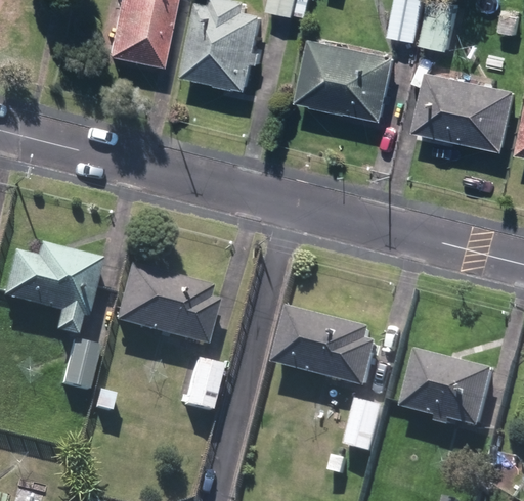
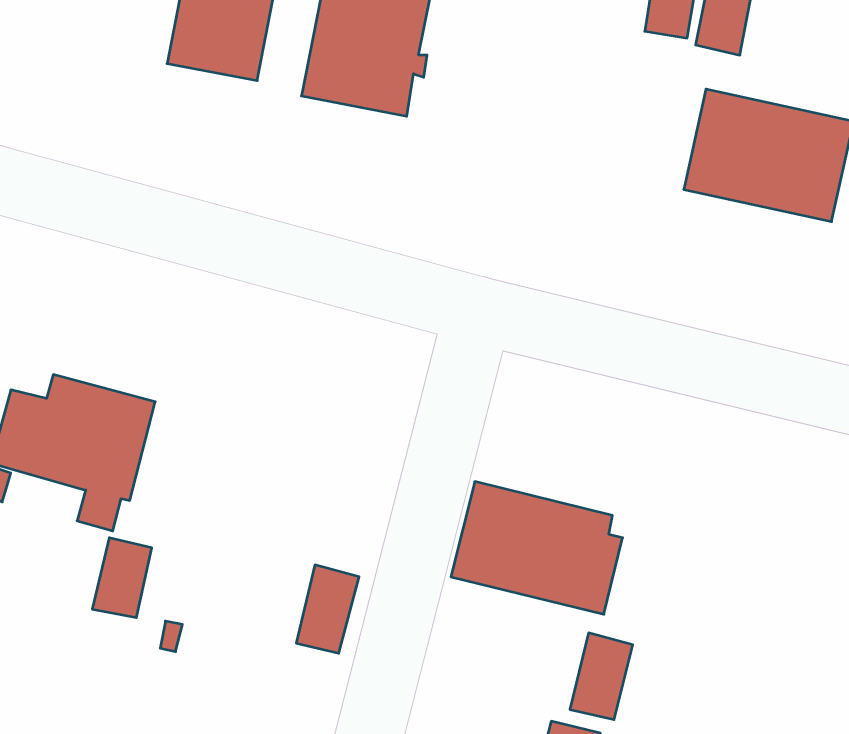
building: [296,39,395,120] -> none
building: [108,265,212,346] -> none
building: [402,351,493,427] -> none

